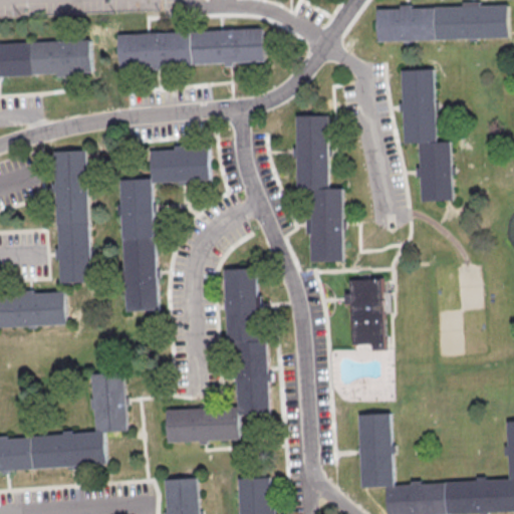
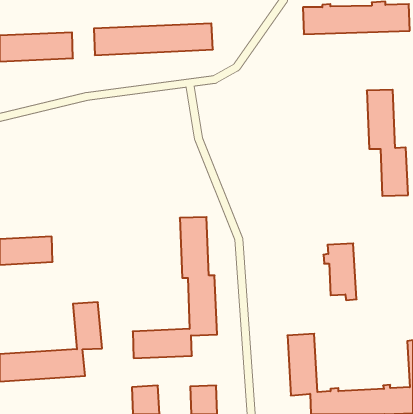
building: [401,70,452,202] -> [367,90,408,196]
building: [294,116,341,263] -> none
building: [119,148,210,311] -> none
building: [52,152,91,284] -> none
building: [345,280,387,350] -> [323,243,357,300]

